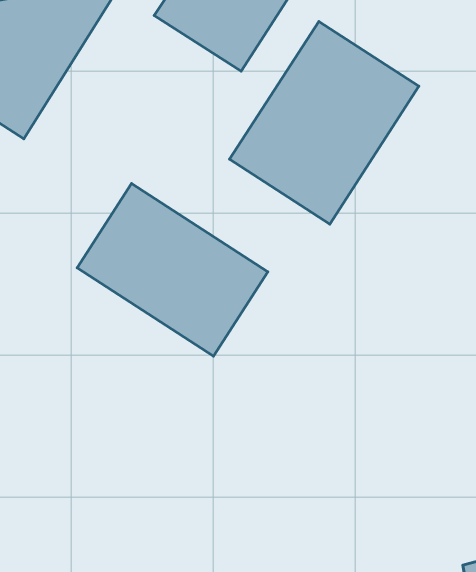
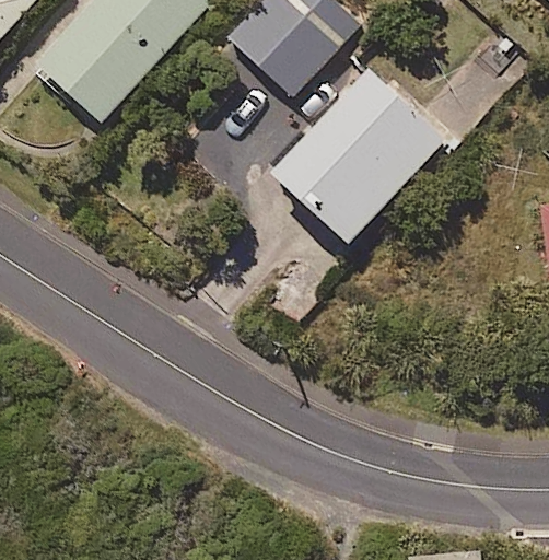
building: [77,184,268,356] -> none

